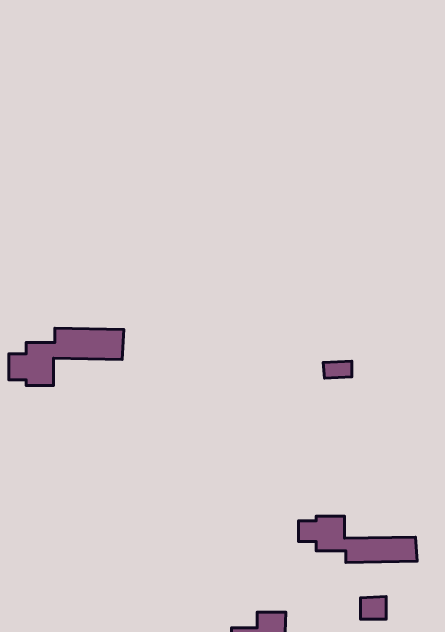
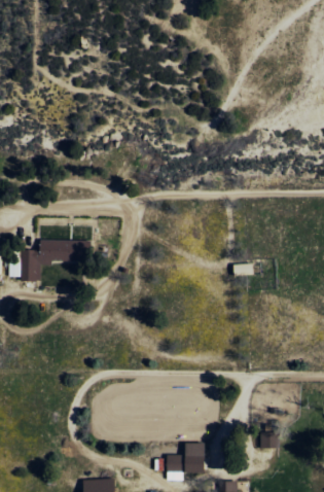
building: [299,516,417,562] -> none

